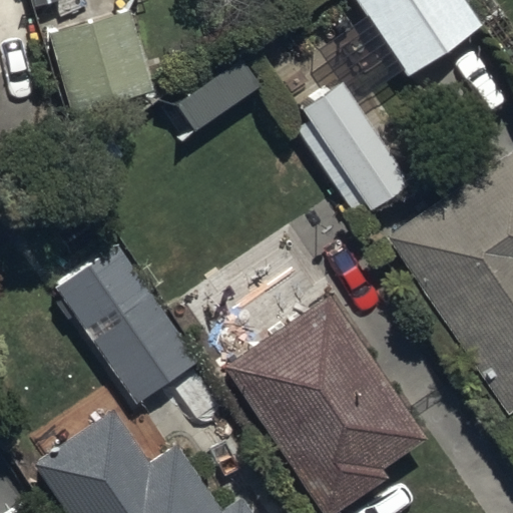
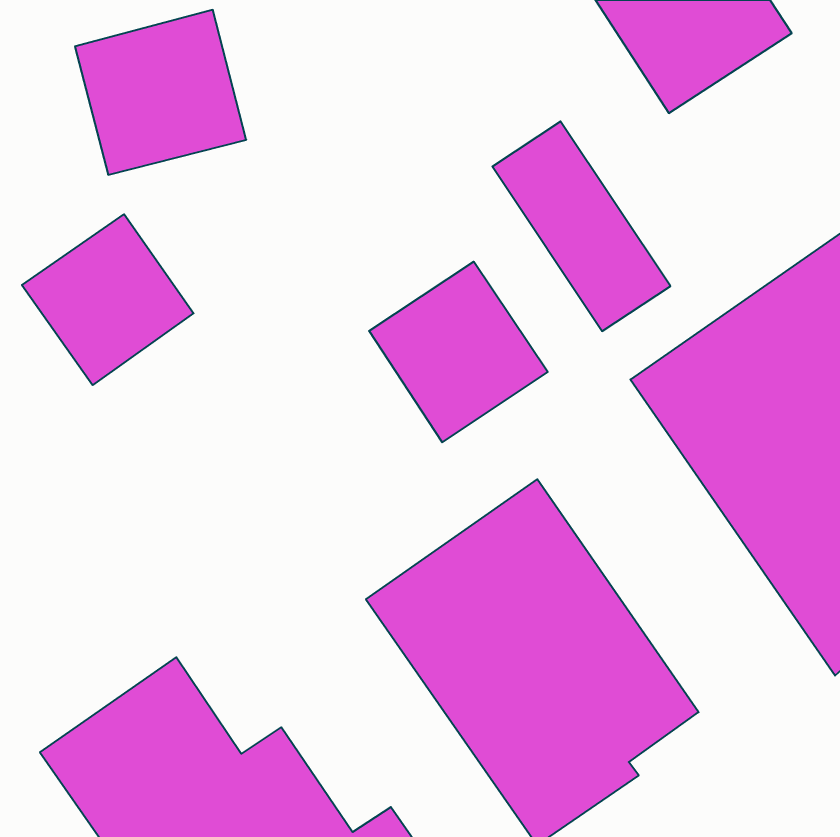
building: none -> [22,214,194,385]
building: none -> [369,262,548,442]
building: [53,244,198,406] -> none

